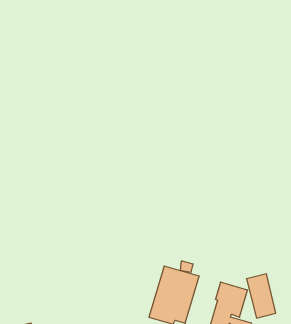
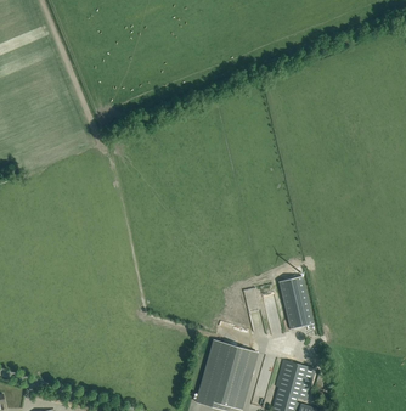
building: [246,274,276,318] -> [277,275,312,328]

